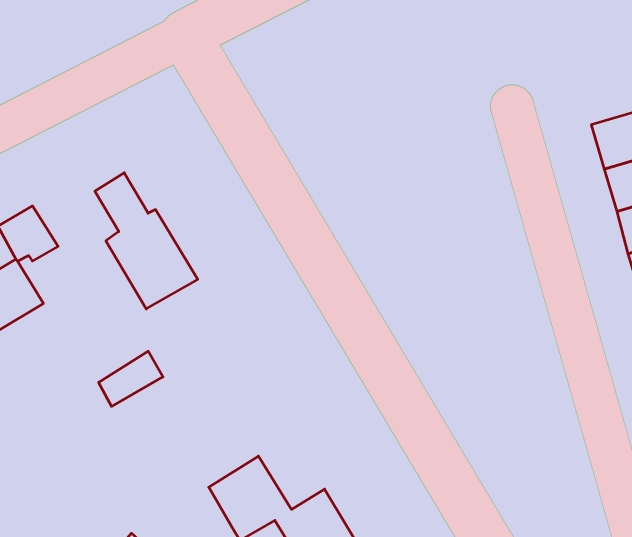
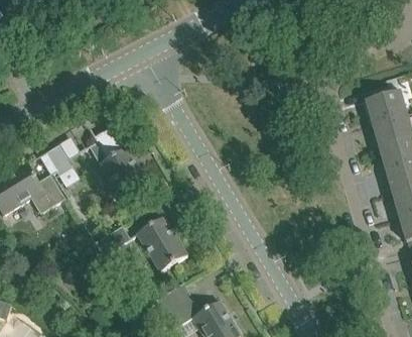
building: none -> [137,216,187,271]

